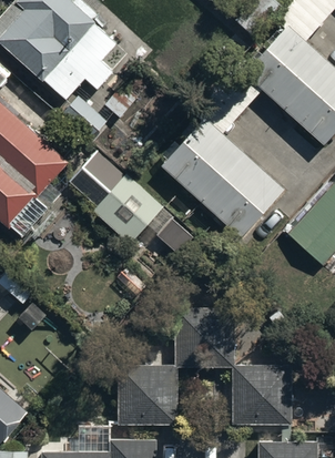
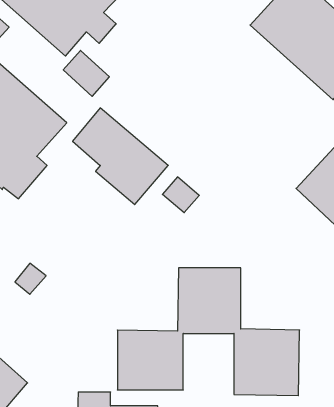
building: [162,118,287,238] -> none

